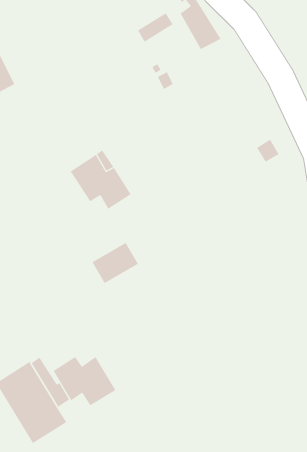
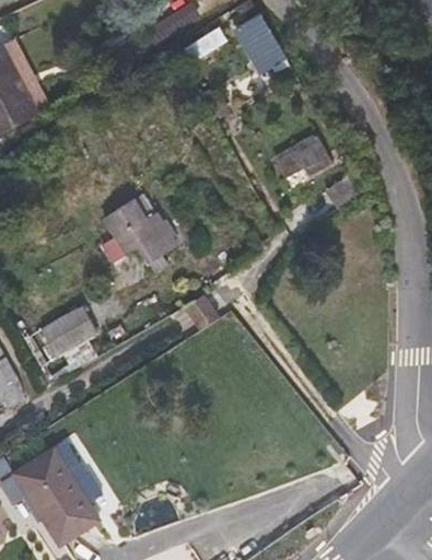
building: none -> [271,135,326,179]
building: [92,242,139,284] -> [39,306,96,357]
building: [53,356,116,406] -> none

